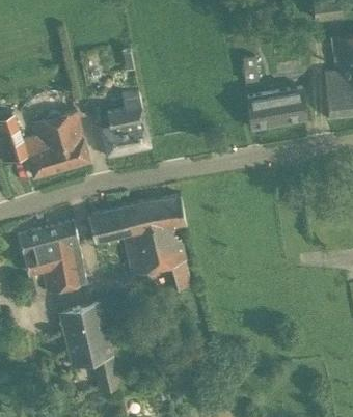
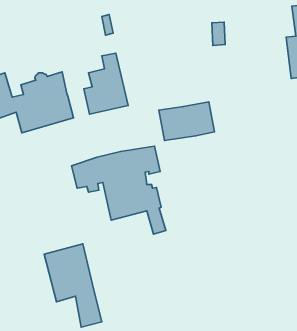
building: [246,87,307,130] -> [159,102,215,140]
building: [19,221,87,291] -> none

